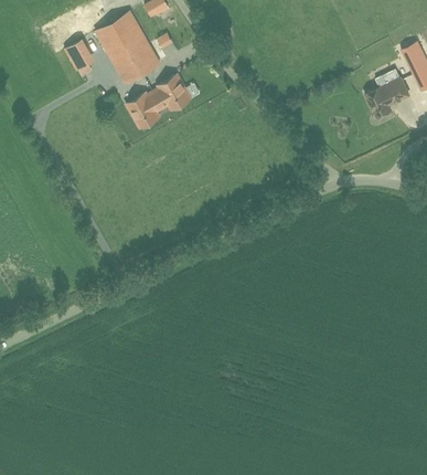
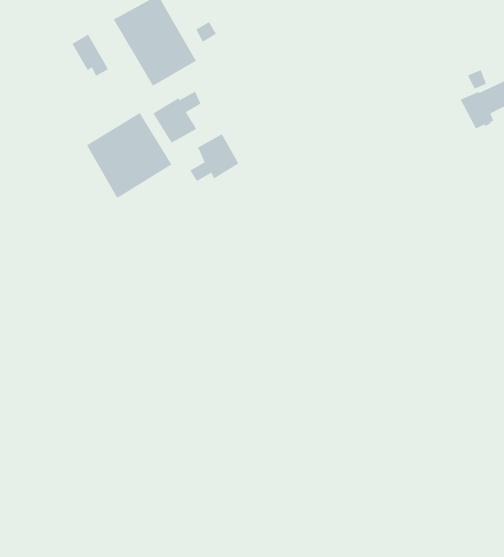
building: [152,75,191,113] -> [189,134,239,182]
building: none -> [86,112,172,199]

